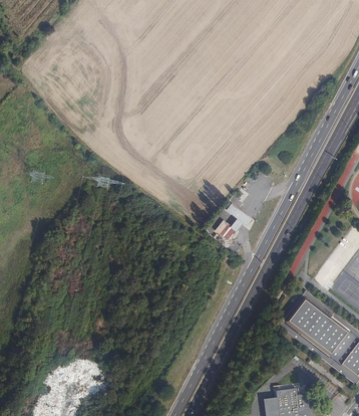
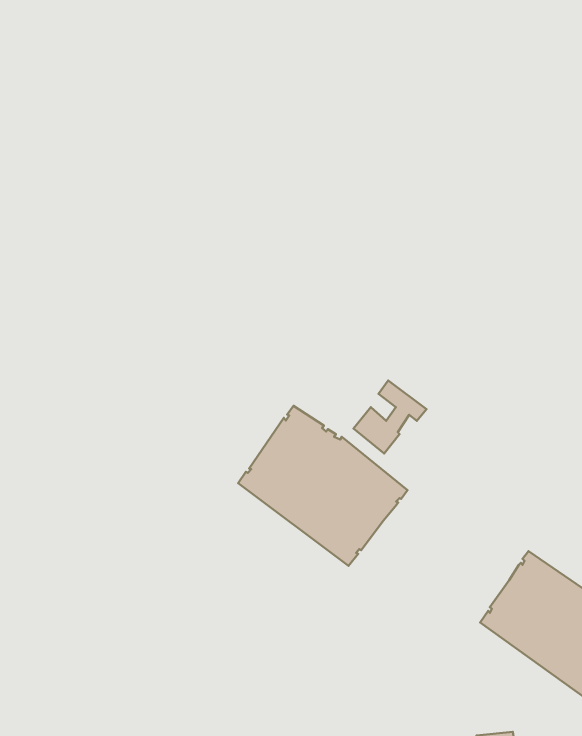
building: none -> [238,406,408,566]

